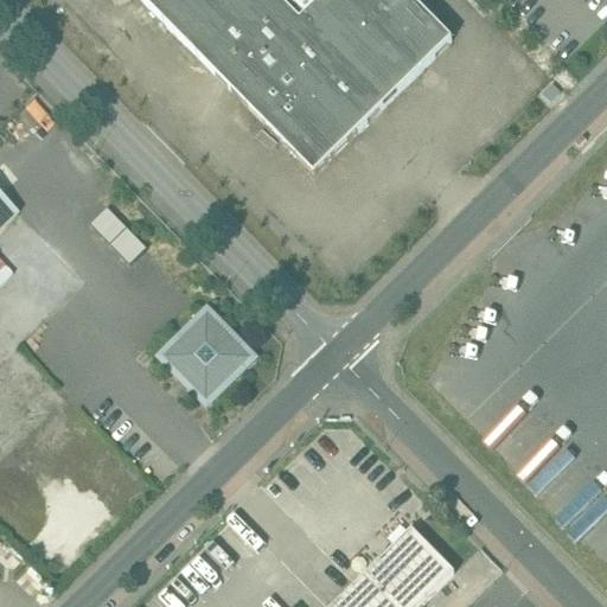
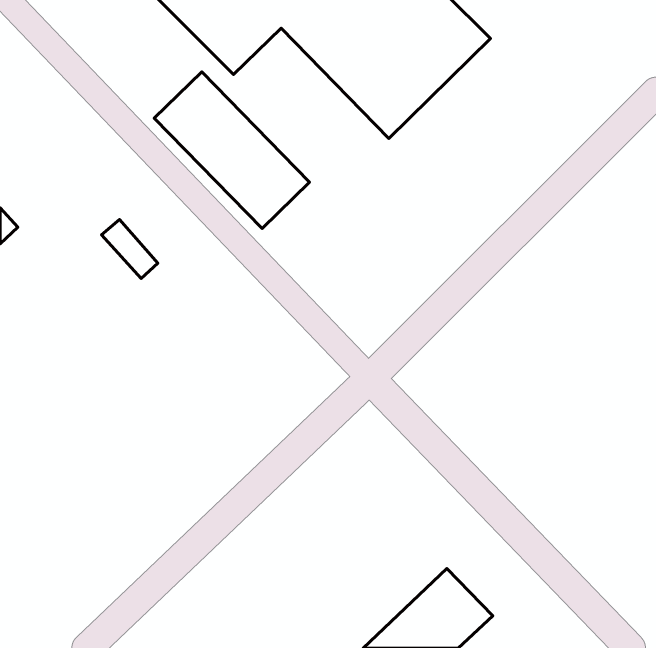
building: [216,26,359,171] -> [154,72,310,228]
building: [164,309,251,397] -> none

